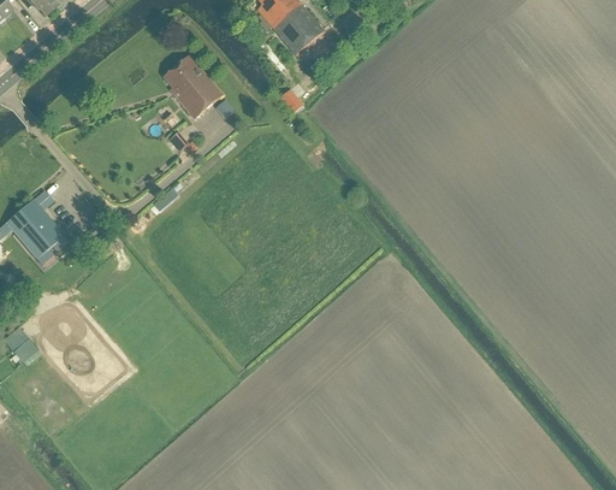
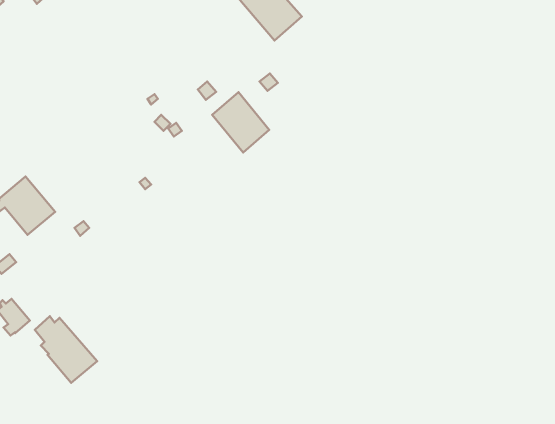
building: [162,54,223,118] -> [212,92,269,153]
building: none -> [35,316,97,383]

